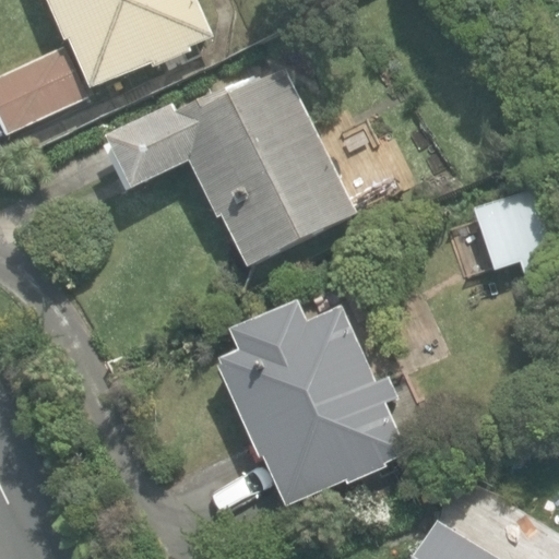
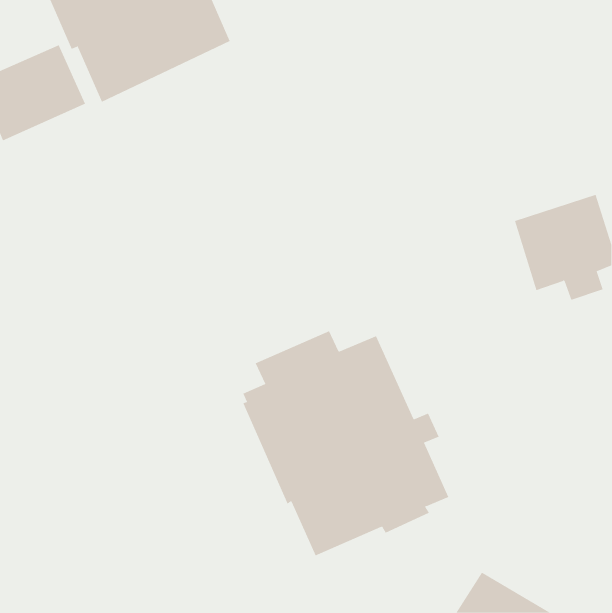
building: [100,75,357,272] -> none

